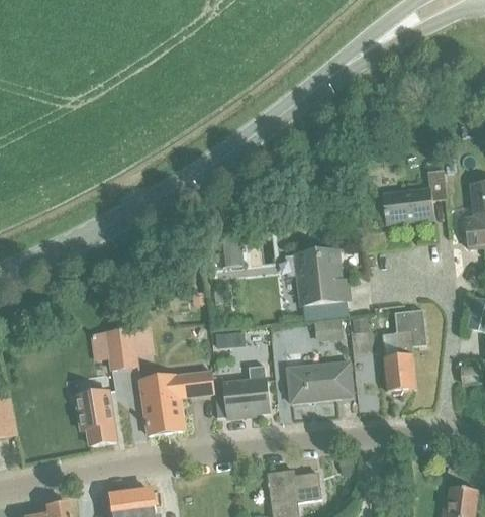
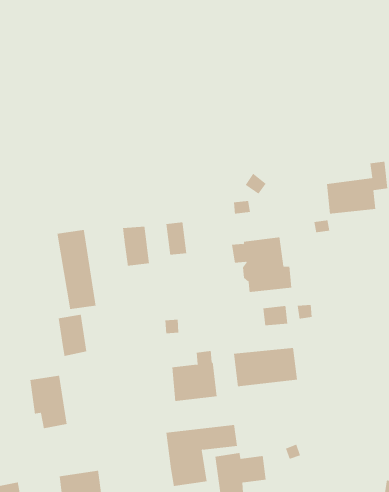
building: none -> [122,226,149,267]
building: none -> [57,229,96,310]
building: [383,309,427,393] -> none
building: [140,371,215,434] -> [165,425,238,486]

